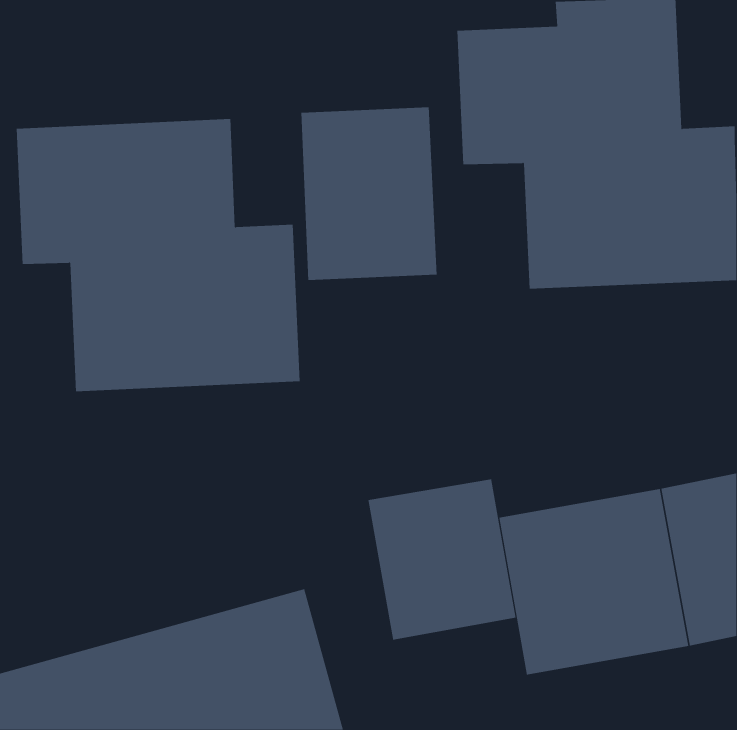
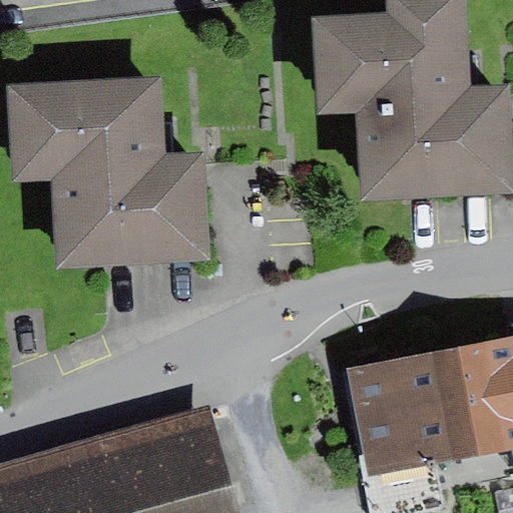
building: [301,106,437,281] -> none
building: [368,478,516,640] -> none

